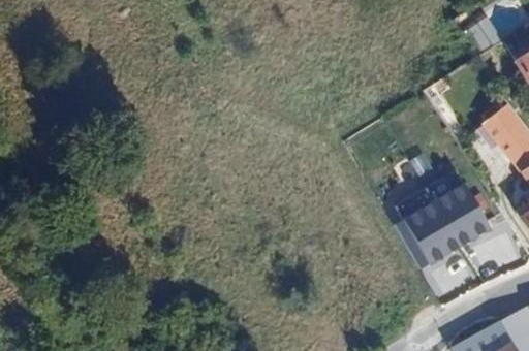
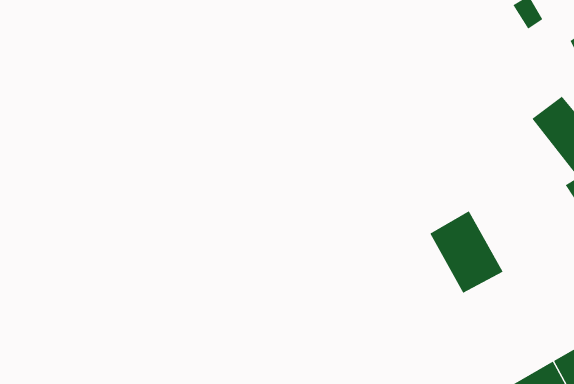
building: [433,182,490,248] -> none

